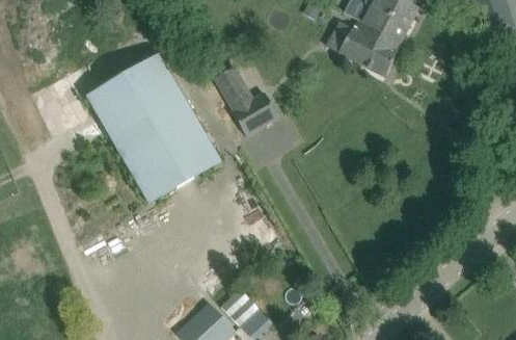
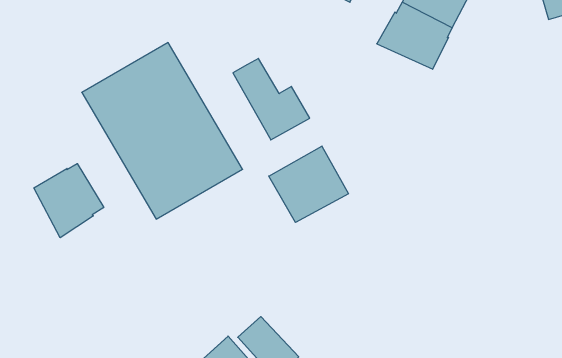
building: none -> [269,146,348,222]
building: none -> [34,164,104,238]

